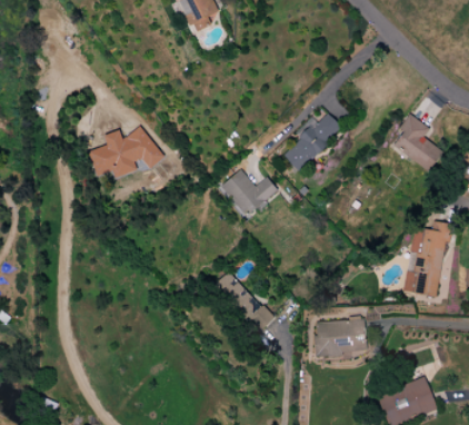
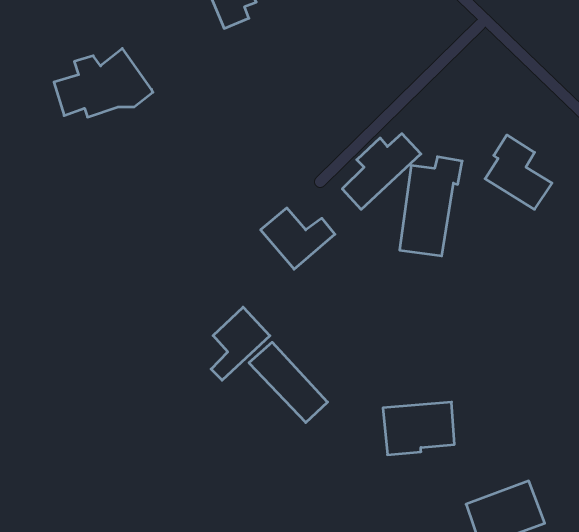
building: [89,126,164,178] -> [54,48,153,117]
building: [405,221,452,297] -> [400,157,462,256]
building: none -> [211,307,270,380]

